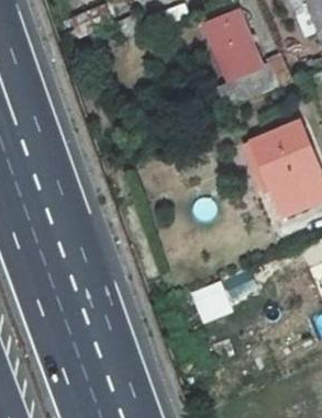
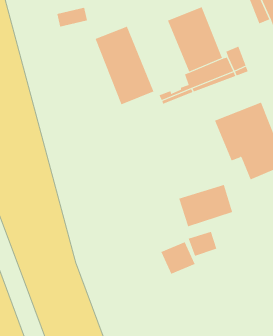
building: none -> [95,26,154,105]
building: none -> [179,184,233,227]

